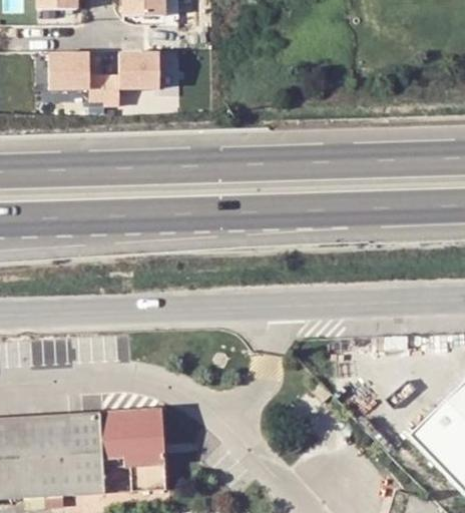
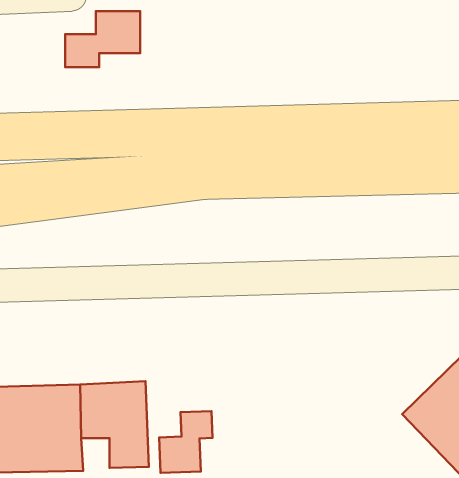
building: [47,54,89,92] -> none
building: none -> [159,411,213,473]

